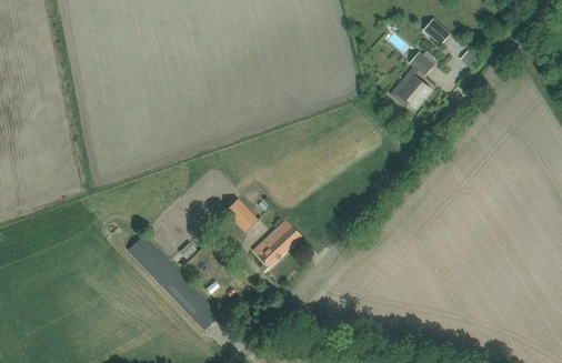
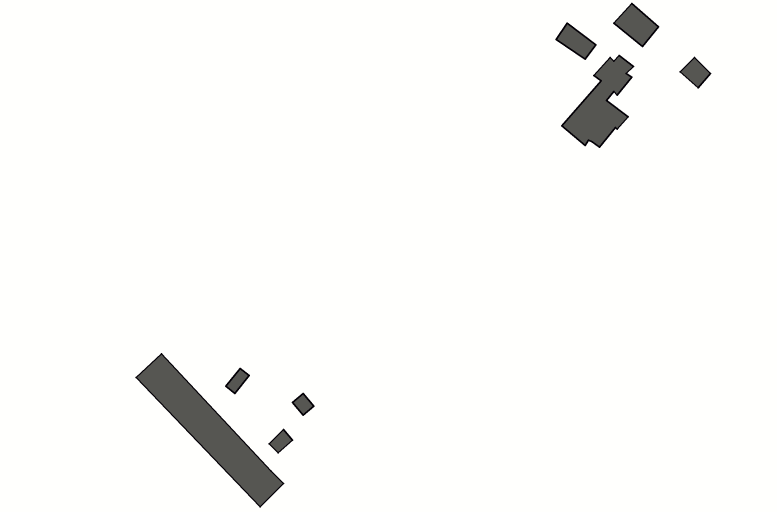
building: [222,198,258,233] -> none
building: [251,220,300,268] -> none

